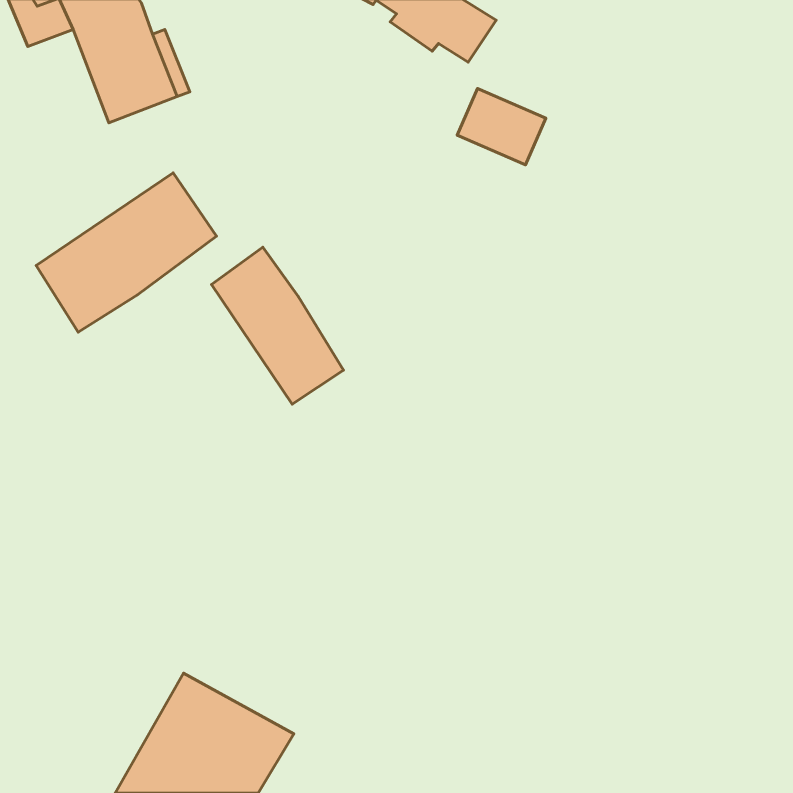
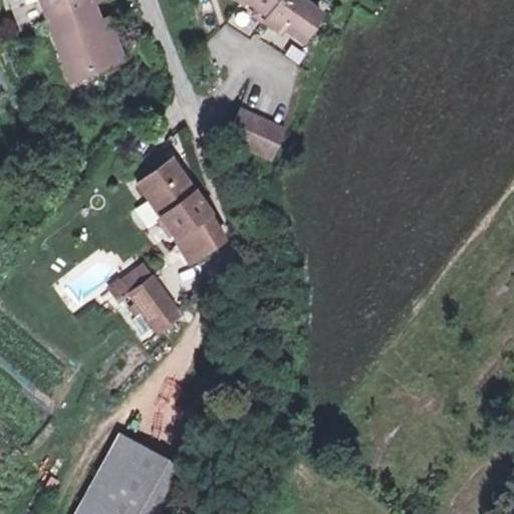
building: [457,89,546,165] -> [227,109,284,159]
building: [36,173,217,332] -> none
building: none -> [111,265,177,326]

